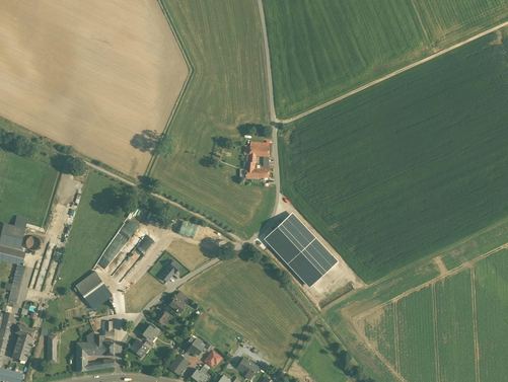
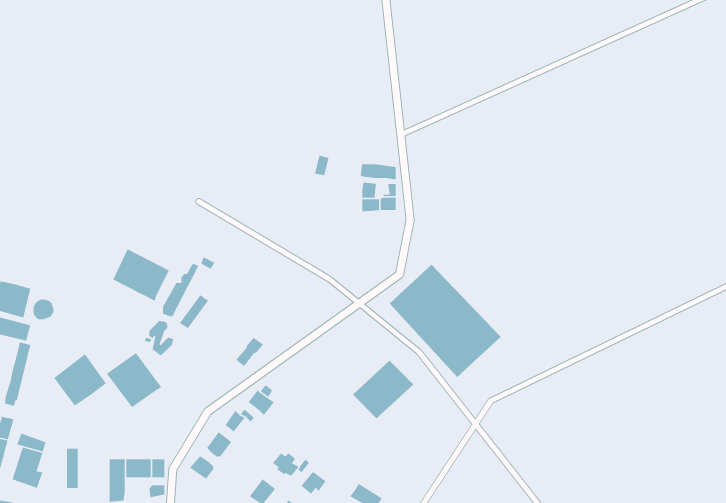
building: none -> [112,248,170,302]
building: none -> [53,353,107,406]
building: none -> [352,360,414,419]

